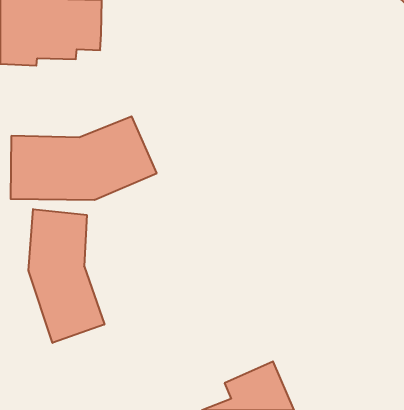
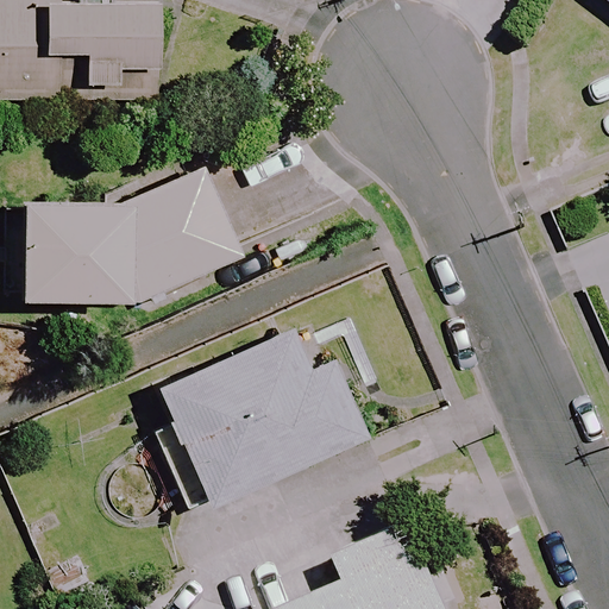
building: [29,209,104,343] -> none
building: none -> [152,321,364,514]

